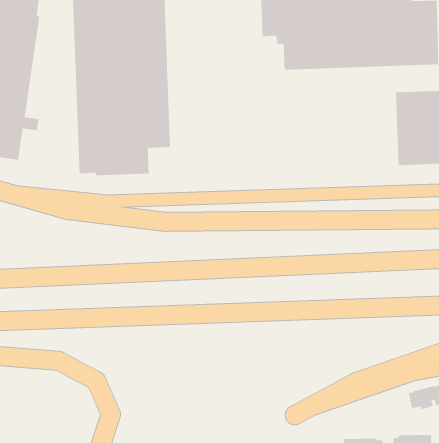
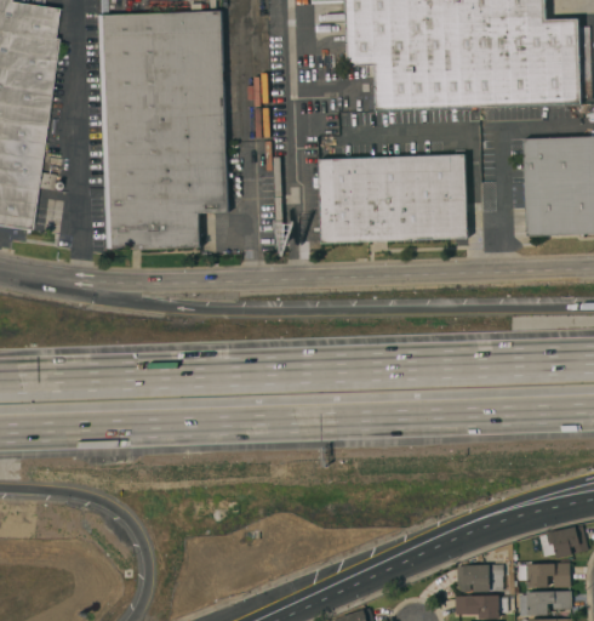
building: none -> [319,149,468,241]
building: none -> [458,558,504,591]
building: none -> [519,562,571,587]

